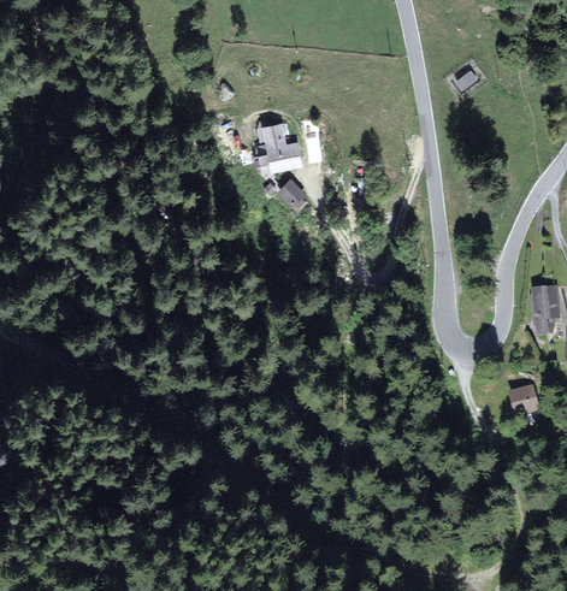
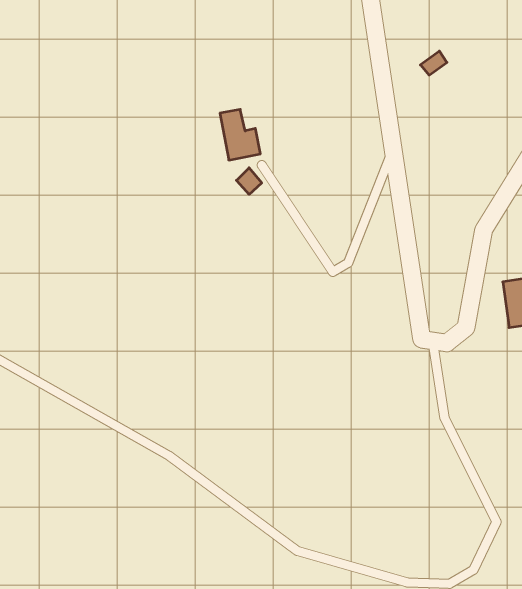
building: [510,384,537,413] -> none

